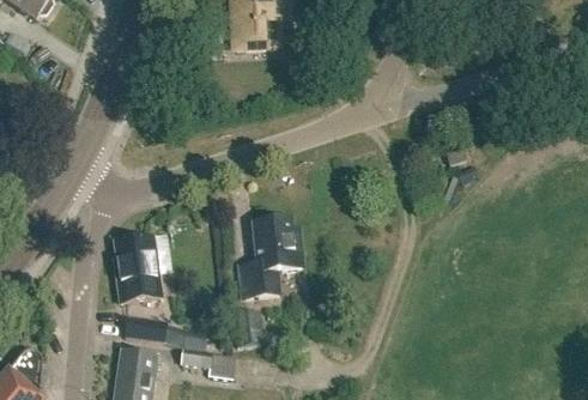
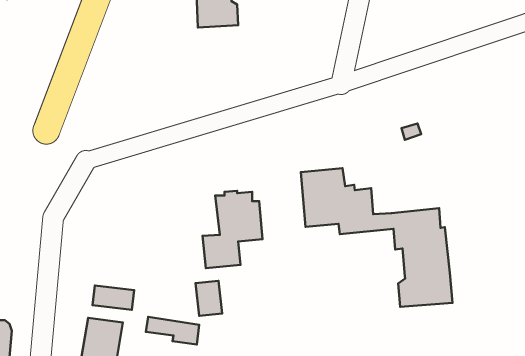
building: none -> [301,168,452,307]
building: [113,235,158,298] -> none

